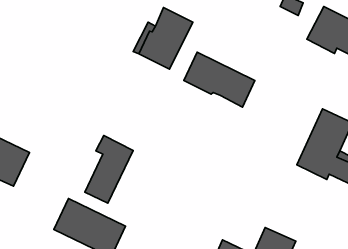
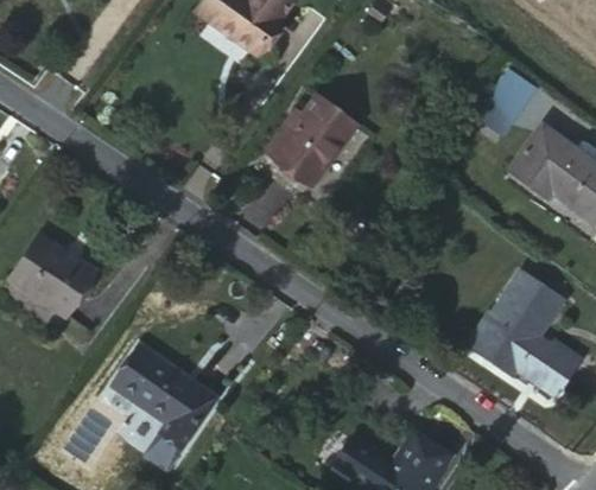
building: [184,52,255,107] -> none
building: [85,136,133,203] -> none

